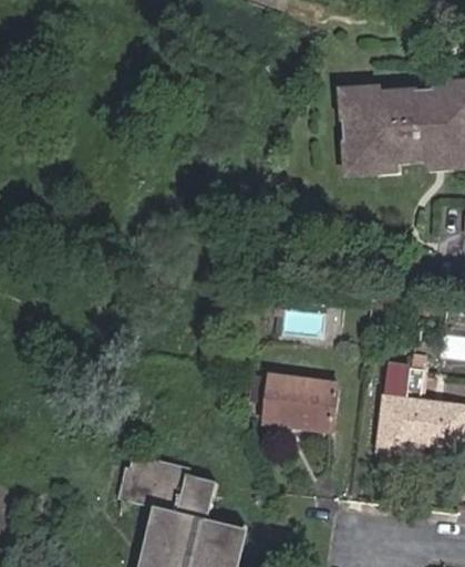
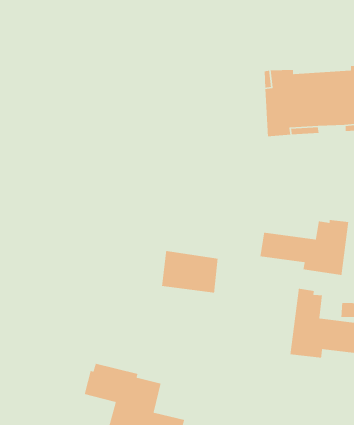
building: none -> [260,219,349,276]
building: [262,374,334,429] -> [161,250,218,293]

